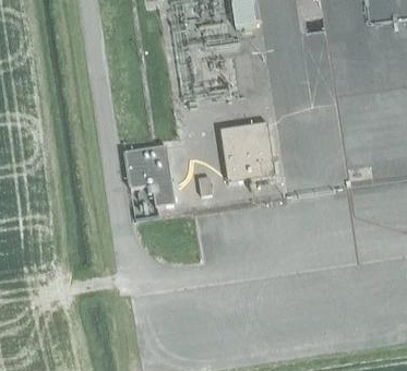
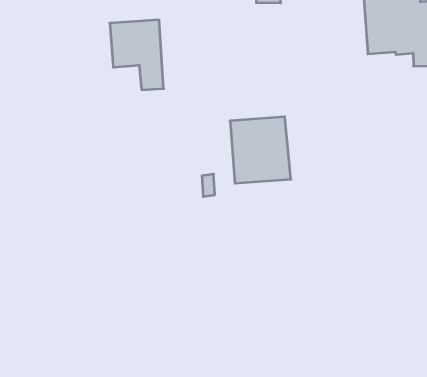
building: [124,144,173,204] -> [110,20,164,90]

